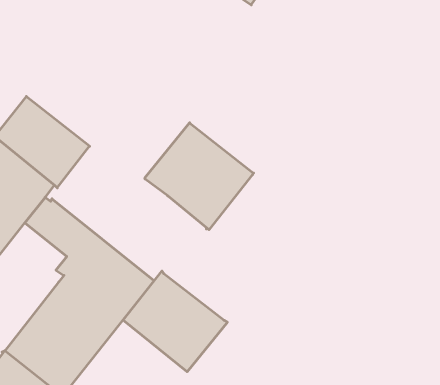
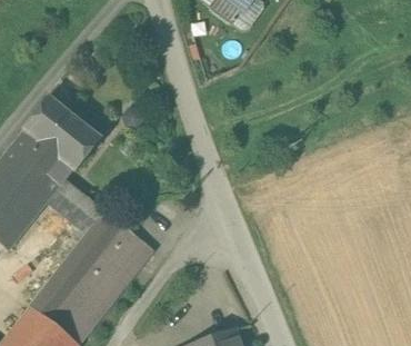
building: [145,123,254,230] -> none
building: [123,271,227,372] -> none

